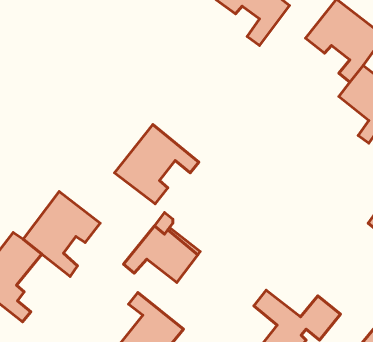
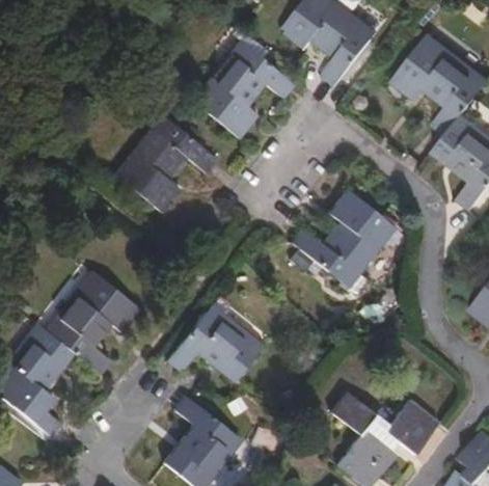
building: none -> [191,38,295,138]
building: [114,125,199,204] -> [112,112,217,211]
building: none -> [294,188,399,288]

